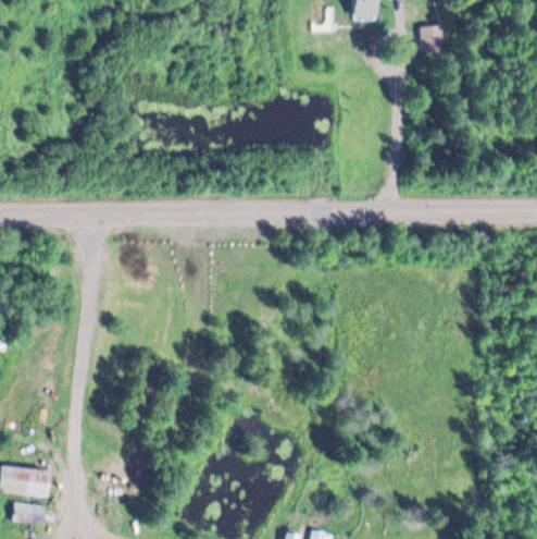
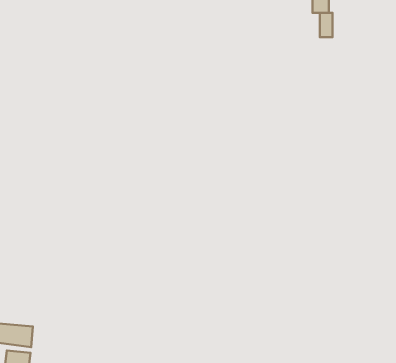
building: none -> [320,13,333,37]

